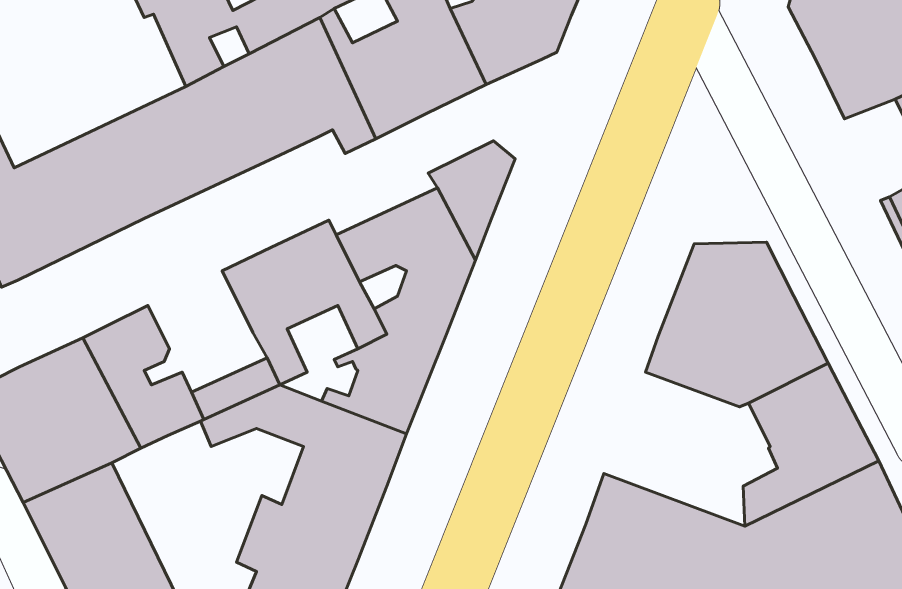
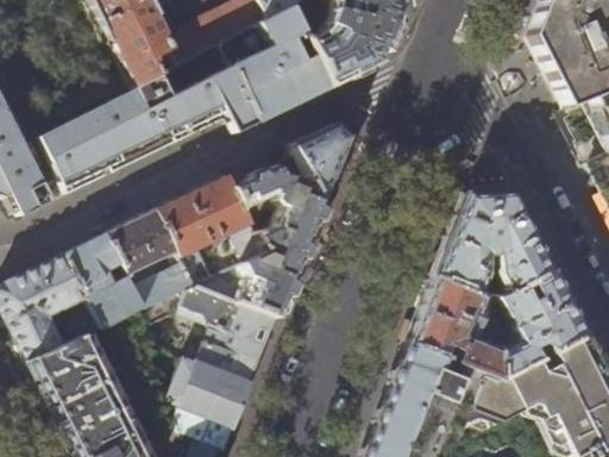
building: none -> [111,207,180,271]
building: none -> [410,274,503,375]

